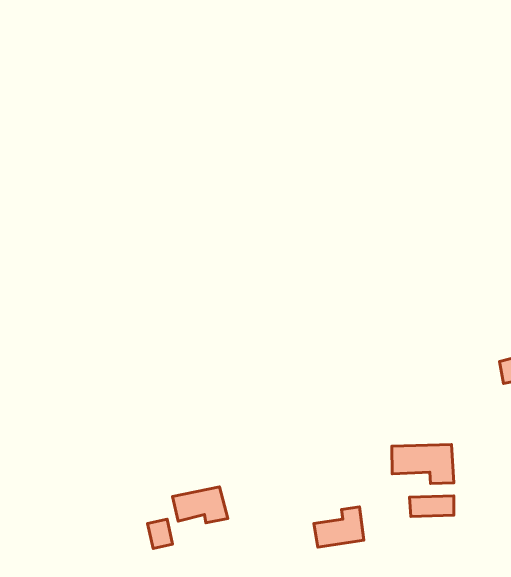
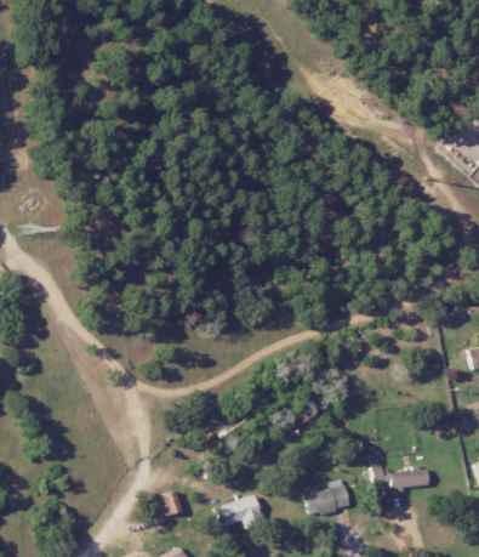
building: [392,444,454,483] -> none
building: [173,487,228,523] -> [215,496,263,528]

